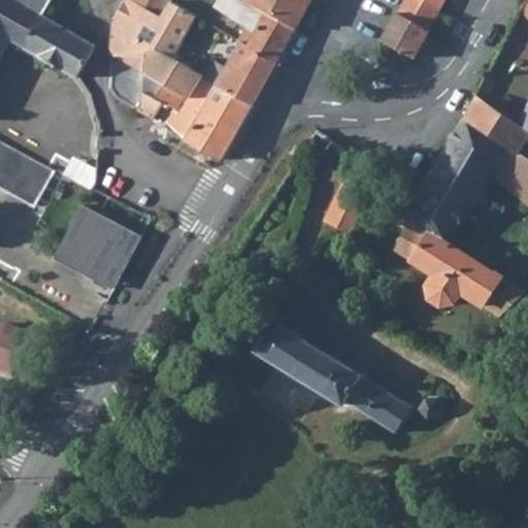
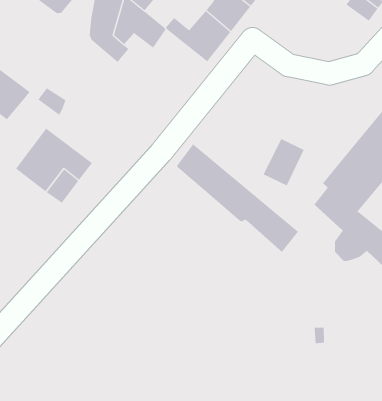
building: [384,14,428,57] -> none
building: [153,74,251,159] -> none
building: [252,314,403,423] -> [176,144,299,253]

